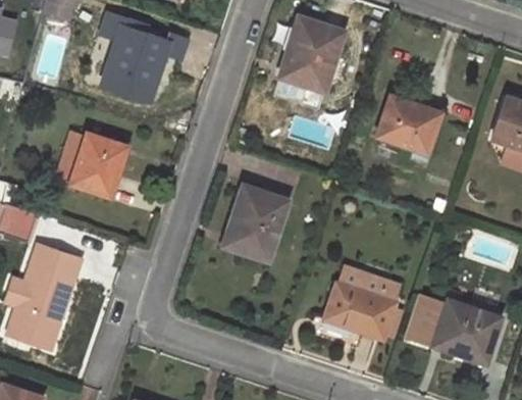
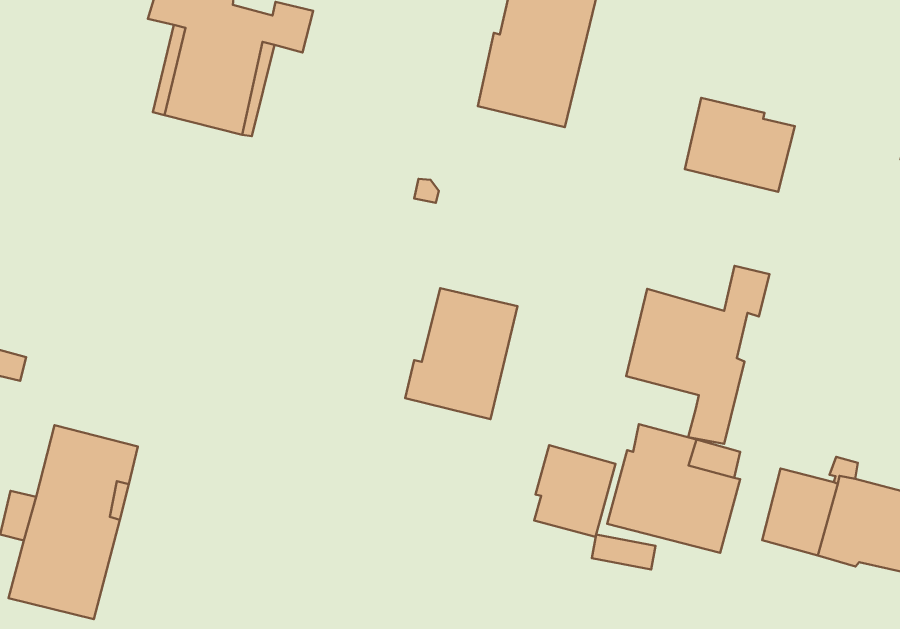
building: [71,133,125,195] -> none
building: none -> [626,266,769,444]
building: none -> [534,445,615,537]

